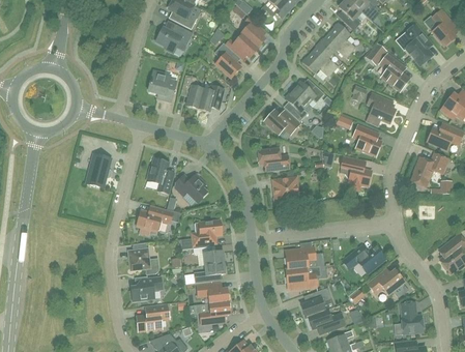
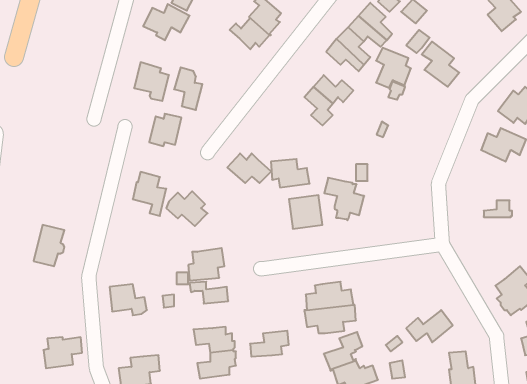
building: [405,24,432,64] -> none
building: [214,41,240,77] -> none
building: [198,85,224,111] -> [149,114,181,146]
building: [367,92,395,124] -> [376,48,411,88]
building: [264,109,299,133] -> [227,153,271,183]
building: [352,123,381,154] -> none
building: [411,152,447,185] -> none
building: [86,153,111,186] -> [34,225,64,266]
building: [340,155,372,189] -> [324,178,364,220]
building: [137,205,172,230] -> none
building: [342,243,385,272] -> none
building: [194,261,225,282] -> [250,331,289,357]
building: [130,275,162,300] -> [43,337,82,368]

